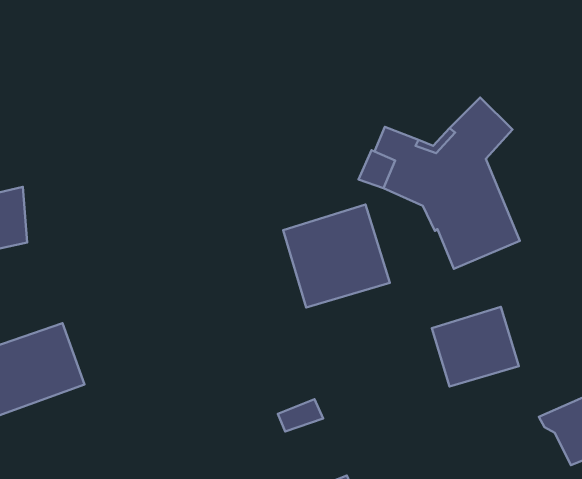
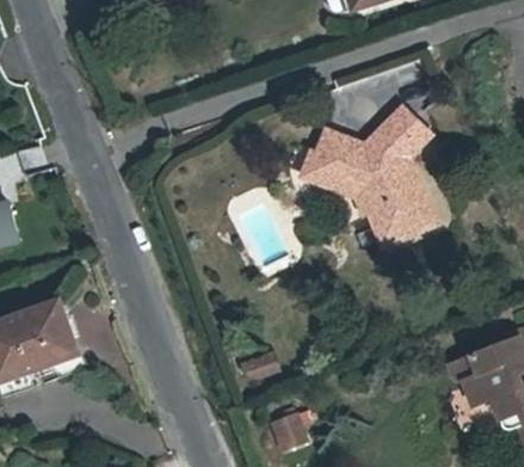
building: [283,204,390,307] -> none
building: [432,307,519,387] -> none

